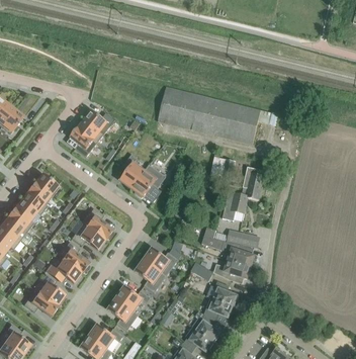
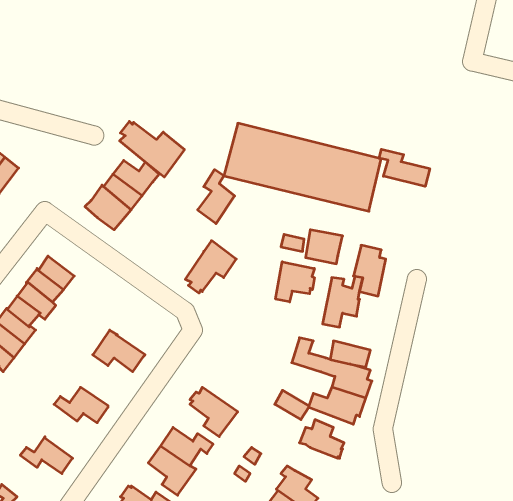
building: none -> [120,121,184,177]
building: none -> [379,149,430,186]
building: [119,153,144,188] -> [198,170,235,224]
building: none -> [276,262,314,302]
building: [86,206,113,239] -> none
building: [62,241,89,272] -> none
building: [143,248,177,275] -> none
building: [39,273,66,305] -> none
building: [203,296,233,320] -> none

